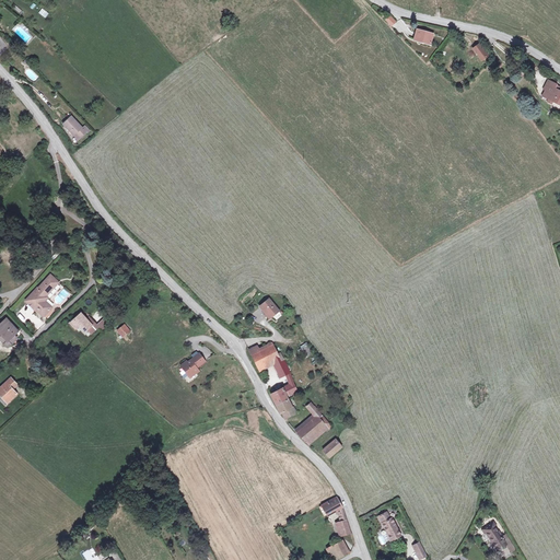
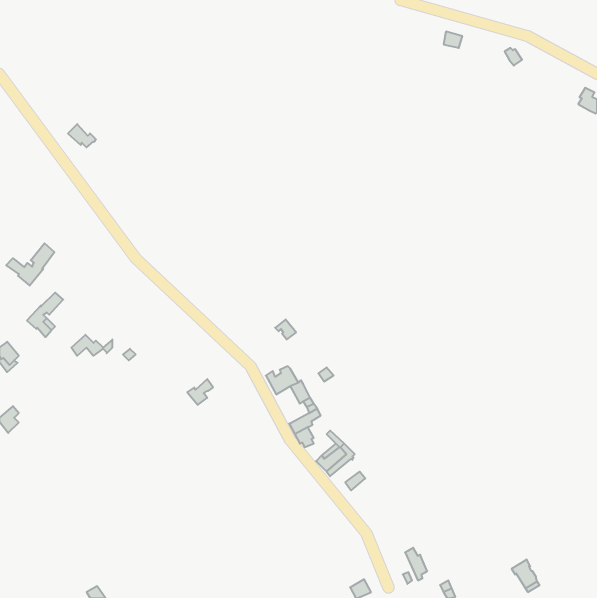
building: none -> [6,243,54,286]
building: [318,497,350,536] -> none

